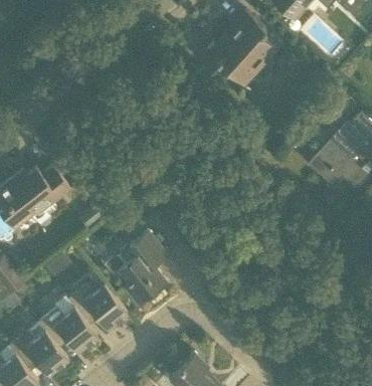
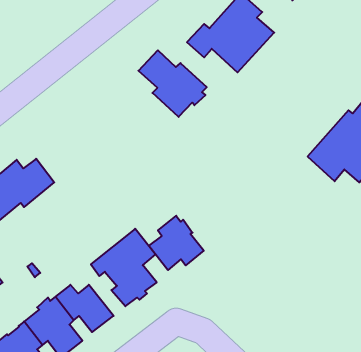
building: none -> [138,50,207,117]
building: none -> [149,216,204,270]

